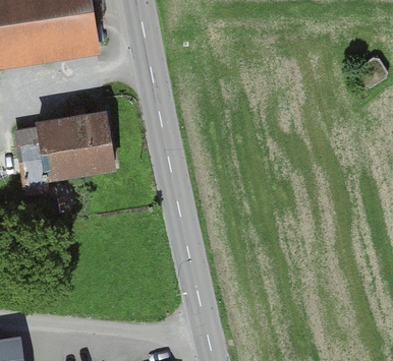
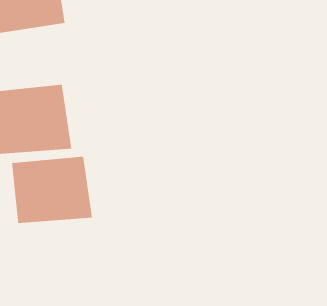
building: none -> [11,156,92,224]

